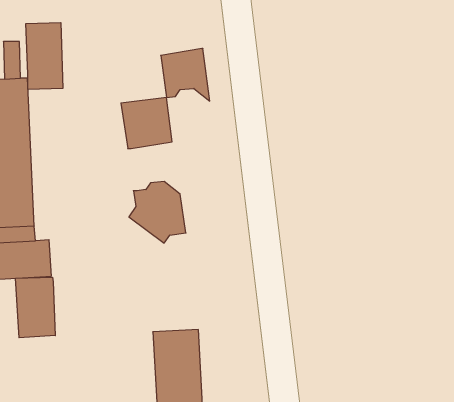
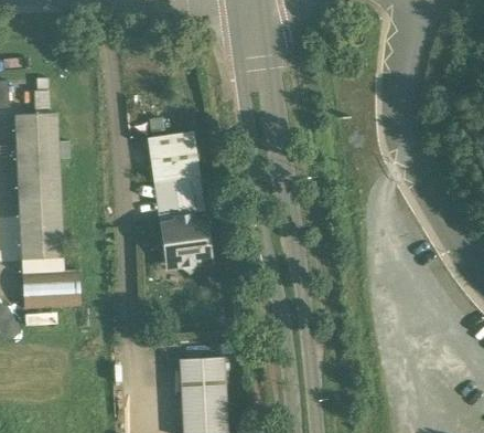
building: [26,23,63,89] -> none
building: [161,49,210,101] -> [158,175,205,225]
building: [16,277,55,338] -> none

